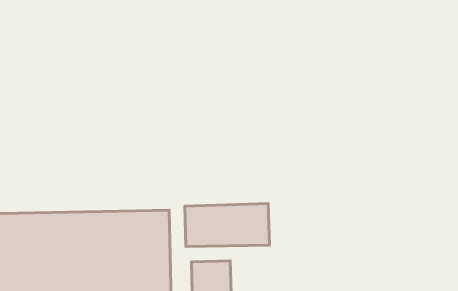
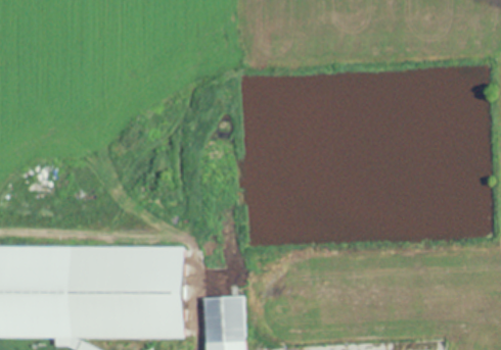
building: [185,203,269,247] -> none

